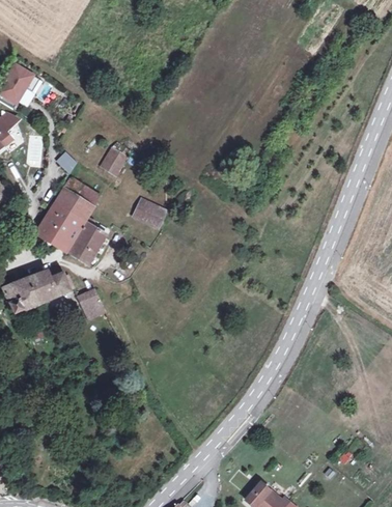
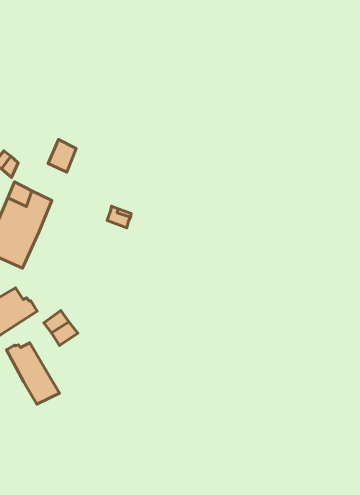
building: [69,222,107,263] -> none
building: none -> [6,343,59,404]

